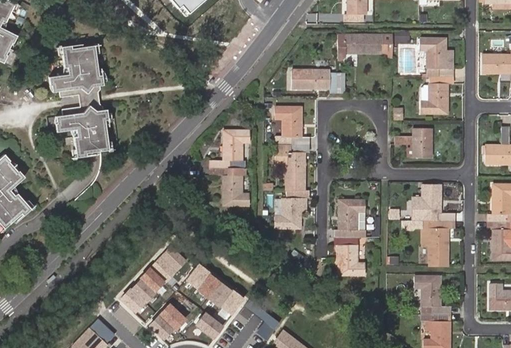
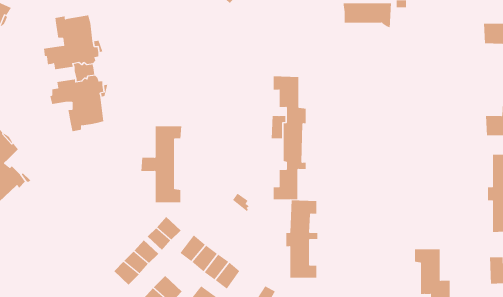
building: [419,37,453,113] -> none
building: [291,68,344,92] -> none
building: [394,128,431,157] -> none
building: [208,129,249,205] -> [140,126,182,203]
building: [420,184,453,265] -> none
building: [333,198,365,275] -> [286,200,318,278]

